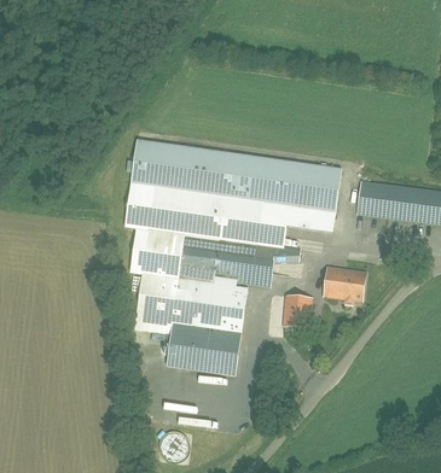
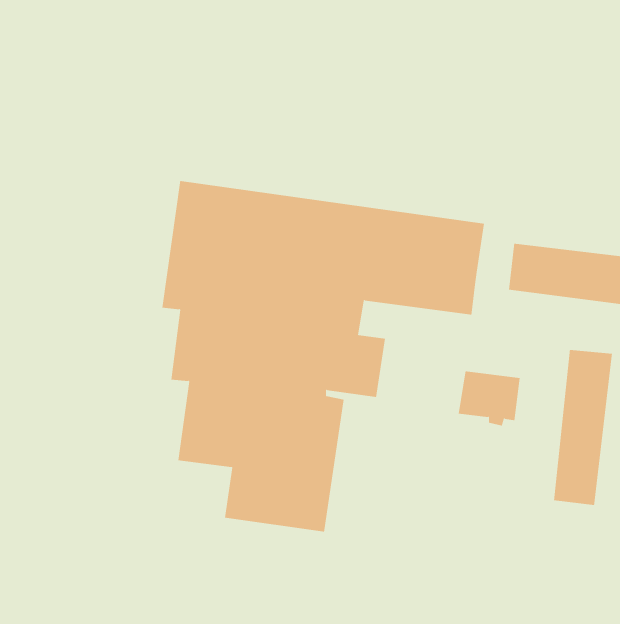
building: none -> [553,349,613,506]
building: [283,294,312,327] -> none

